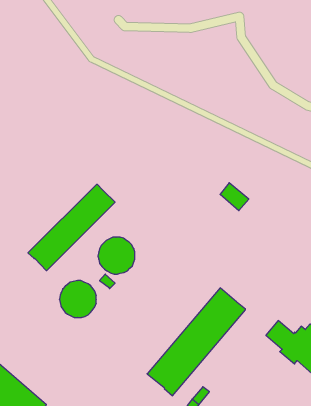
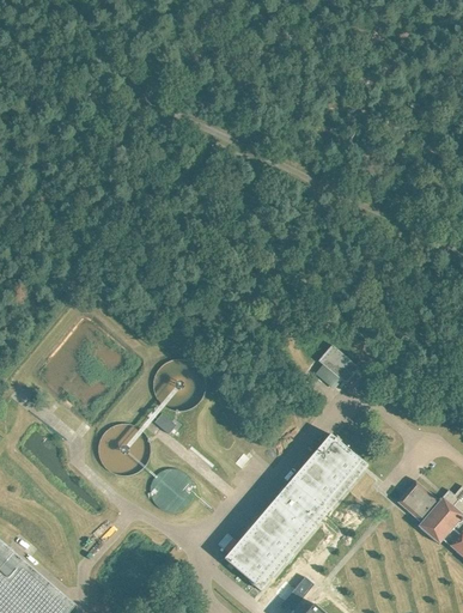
building: [220,183,249,211] -> [317,344,359,384]
building: [28,184,115,271] -> none
building: none -> [150,469,191,511]

